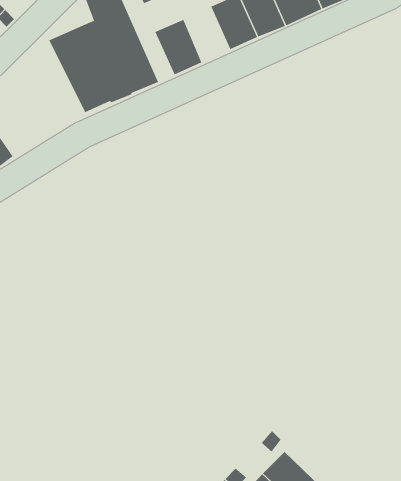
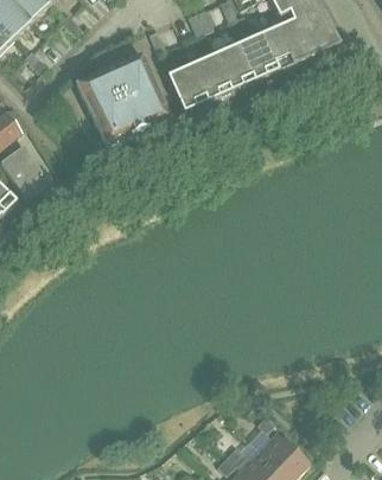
building: none -> [192,51,231,98]

